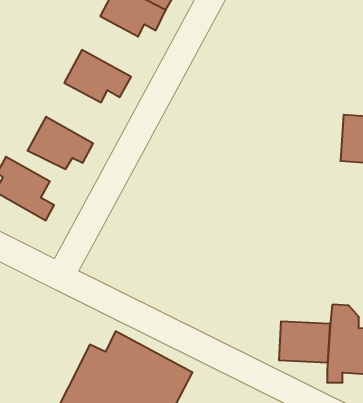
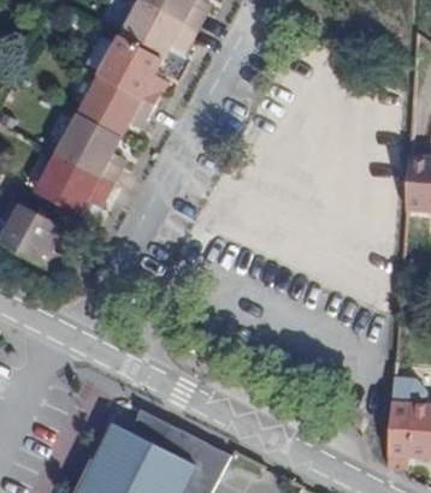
building: none -> [99,37,169,108]
building: none -> [57,115,125,186]
building: [279,321,330,363] -> none

